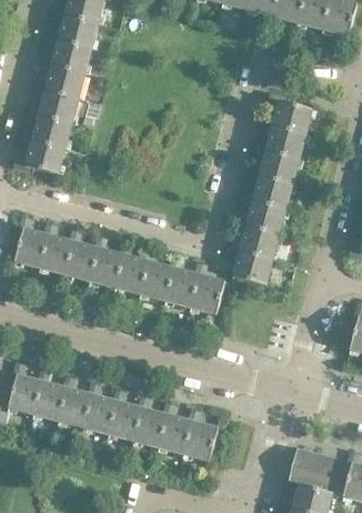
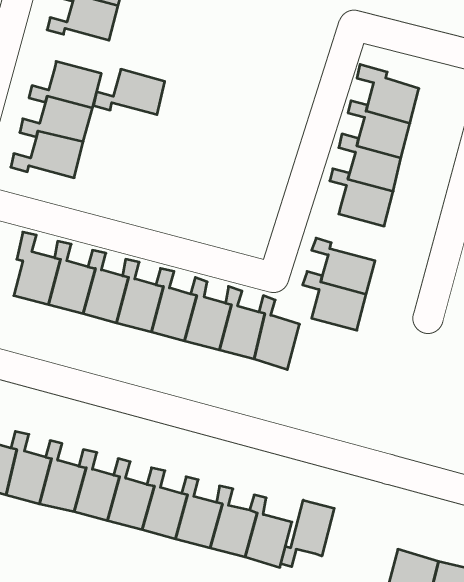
building: [32,66,84,99] -> [94,69,165,115]
building: [240,194,286,237] -> none
building: none -> [281,500,334,567]

